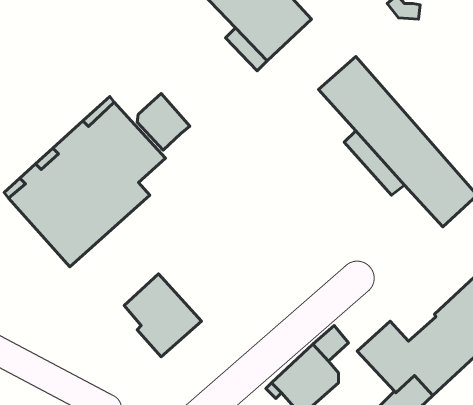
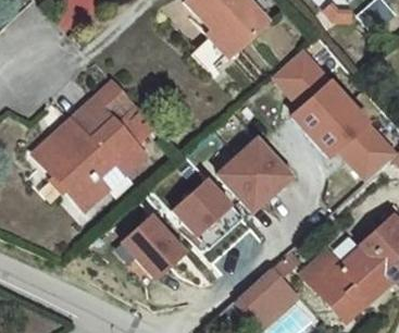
building: [137,94,190,150] -> none
building: none -> [216,133,299,215]
building: none -> [172,177,241,248]

